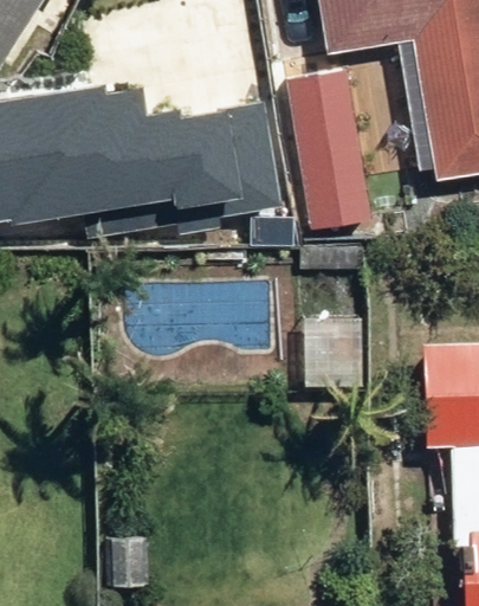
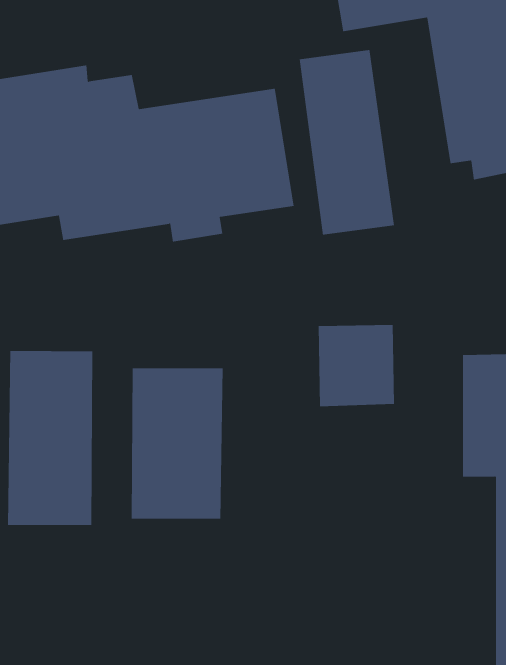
building: none -> [7,350,93,526]
building: none -> [131,367,223,520]

